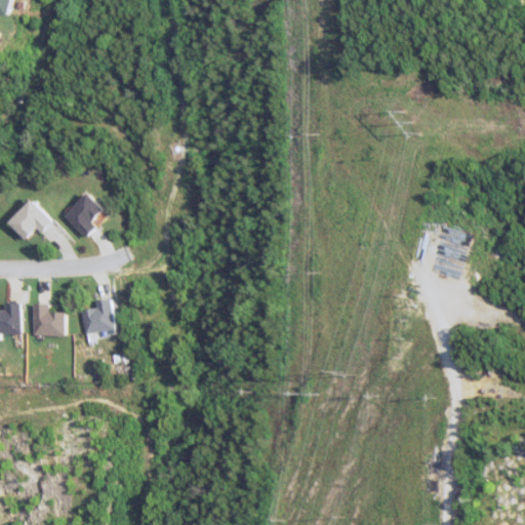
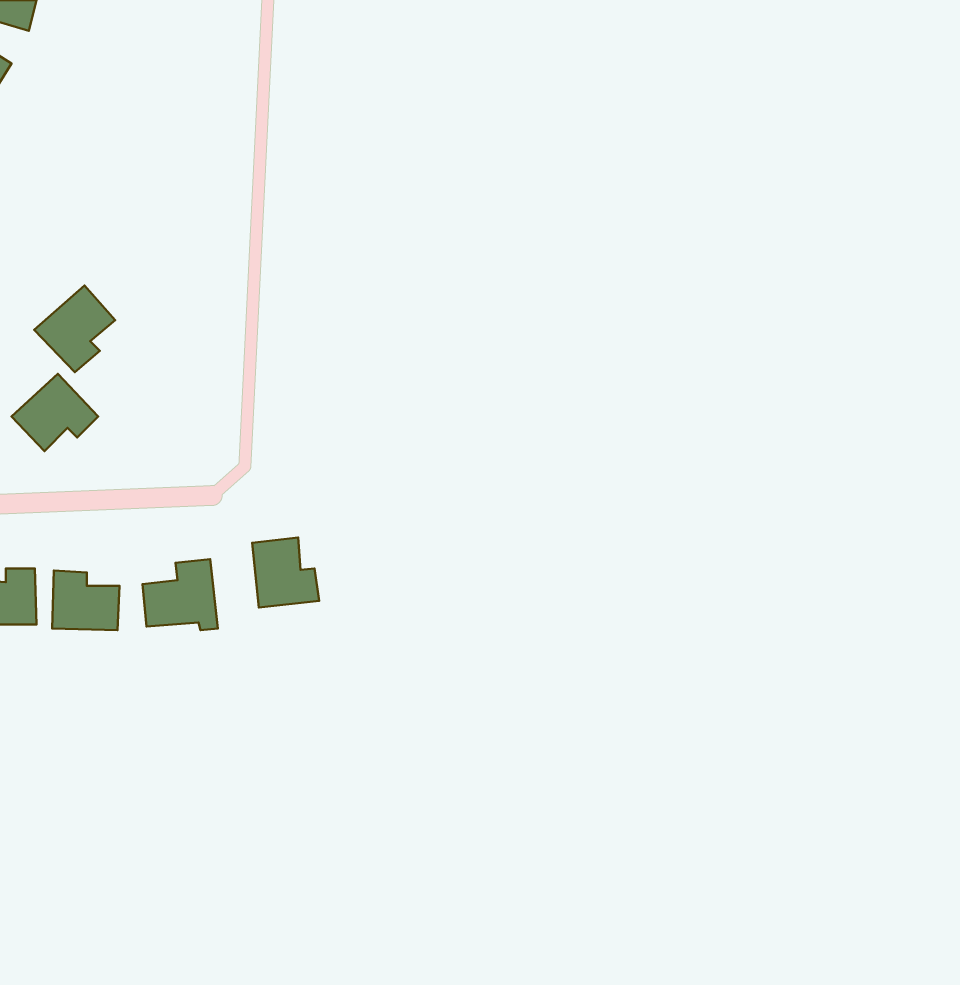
building: [63,192,106,238] -> [34,285,115,372]
building: none -> [252,537,319,607]

